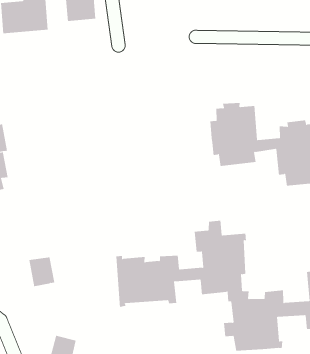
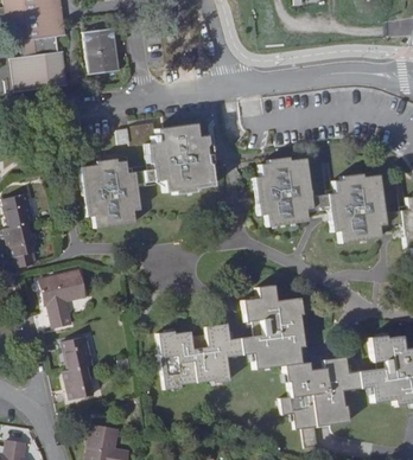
building: none -> [82,120,214,225]
building: none -> [39,271,85,318]
building: none -> [65,365,94,400]

